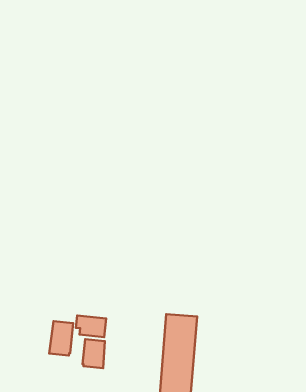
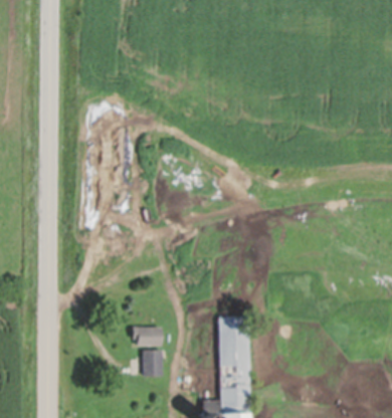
building: [49,321,73,356] -> none

